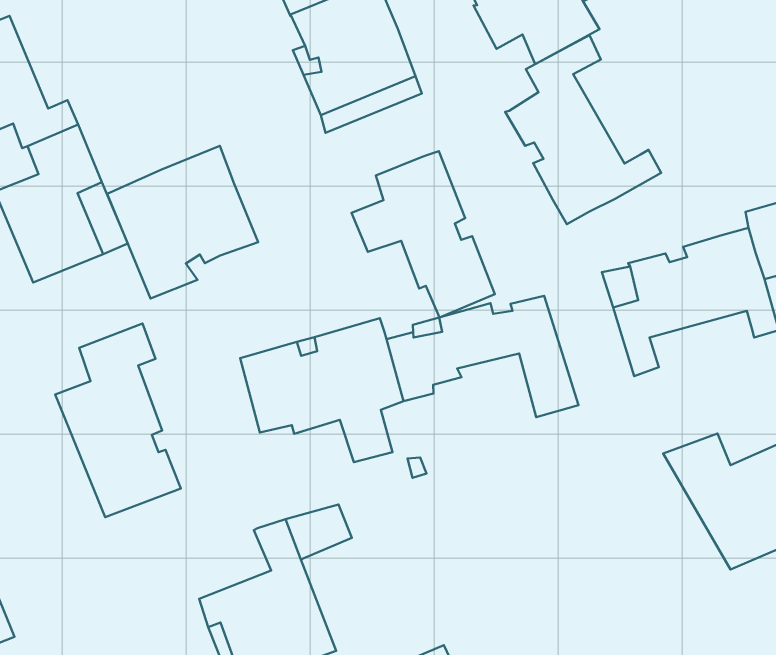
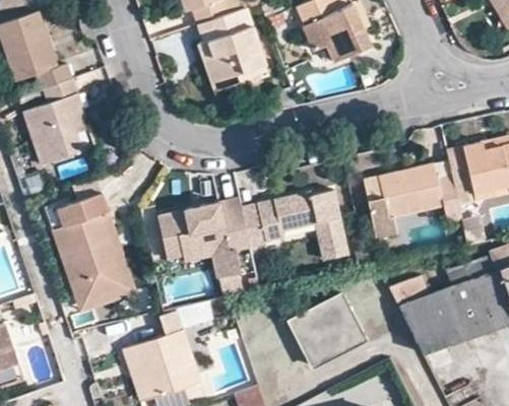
building: [505,35,661,224] -> none
building: [107,146,258,299] -> none
building: [352,151,495,318] -> none
building: none -> [74,212,133,309]
building: none -> [291,294,365,364]

